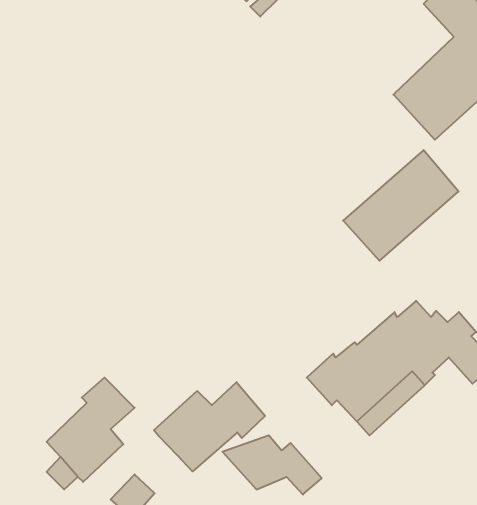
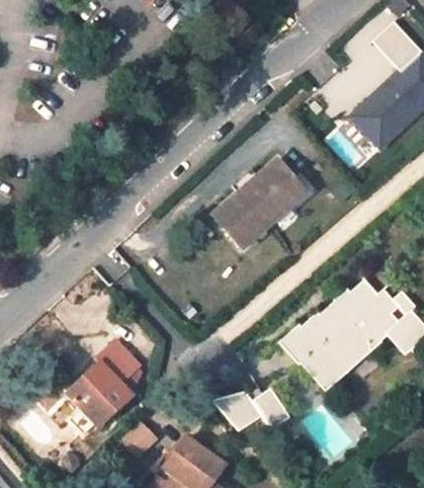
building: [343,150,459,261] -> [211,158,305,247]
building: [154,382,265,471] -> none

